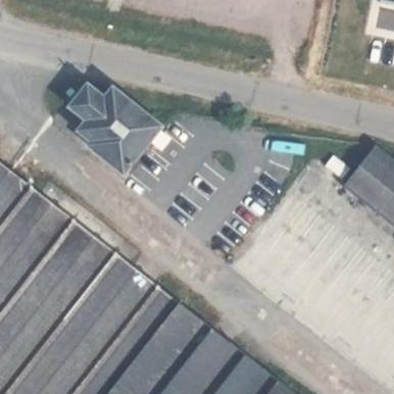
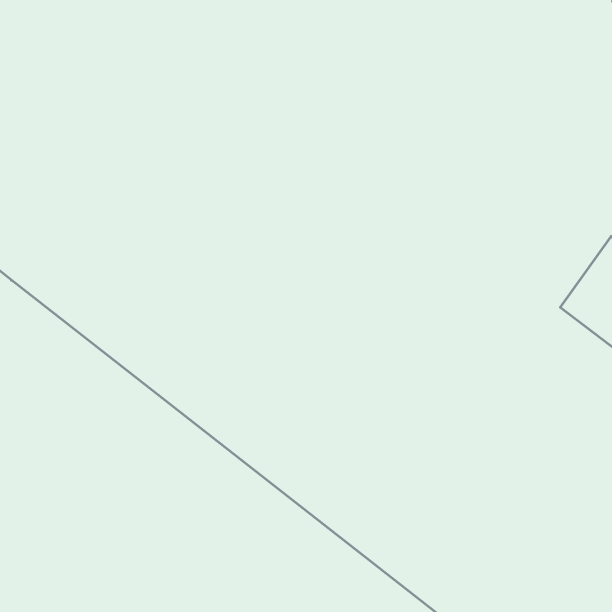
building: [72,83,160,171] -> none

